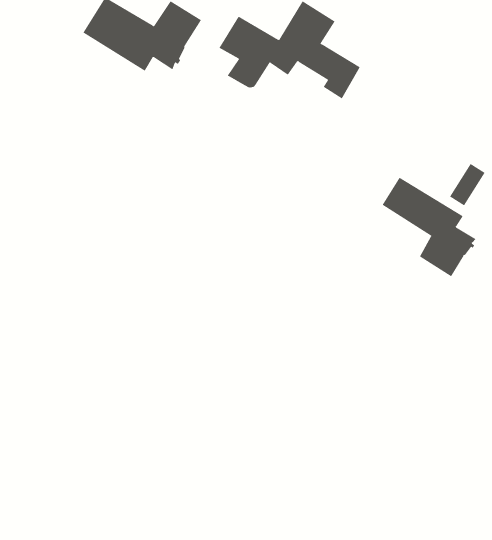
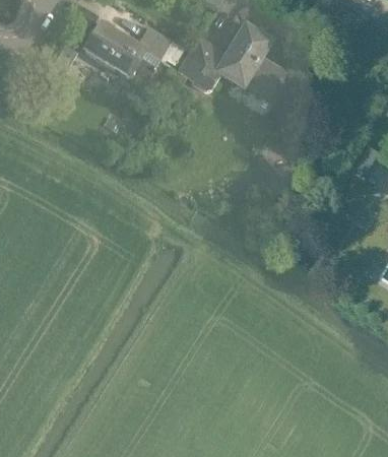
building: [382,177,477,277] -> none

